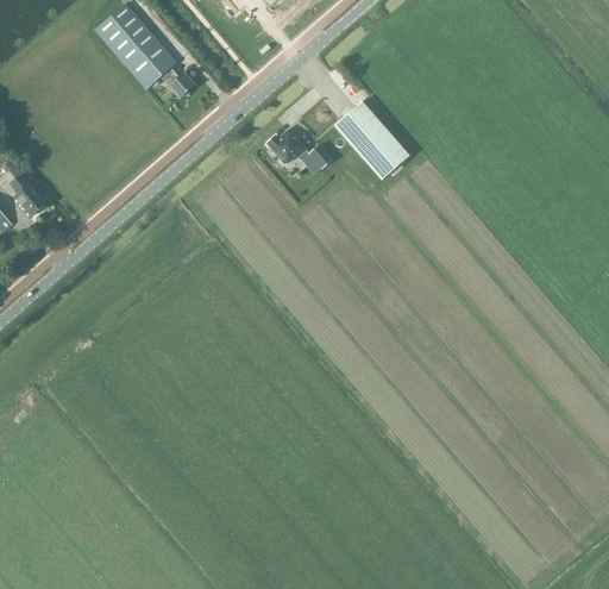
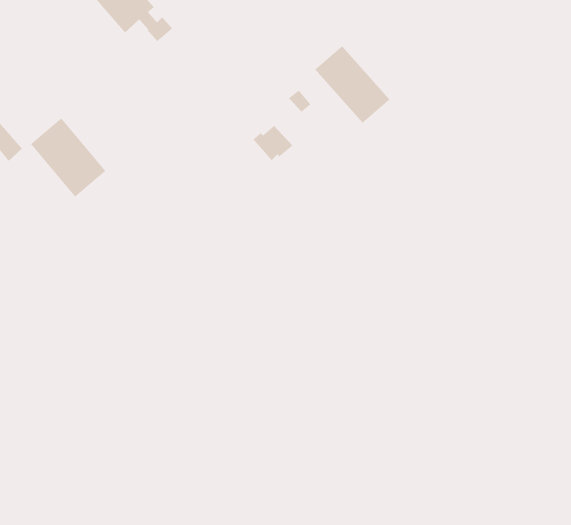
building: [266,129,307,164] -> [252,125,293,161]
building: none -> [30,117,106,197]

